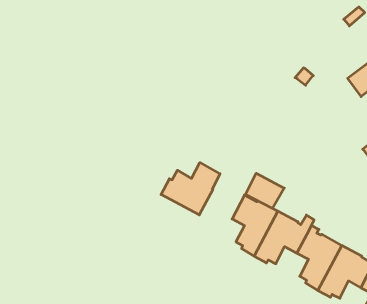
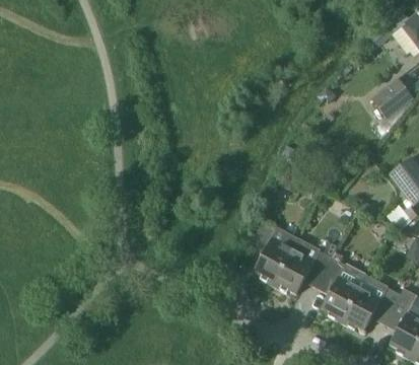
building: [161,163,220,215] -> none
building: [246,173,284,208] -> none

